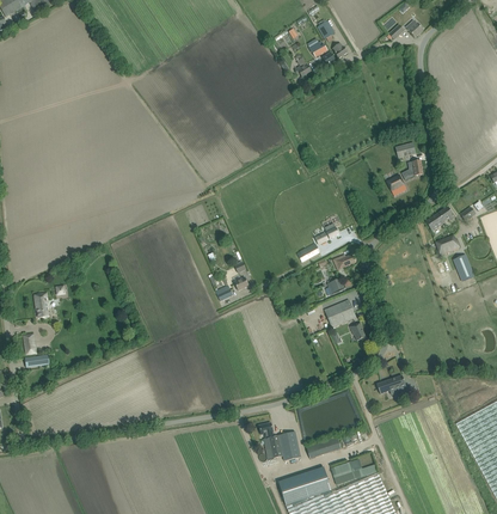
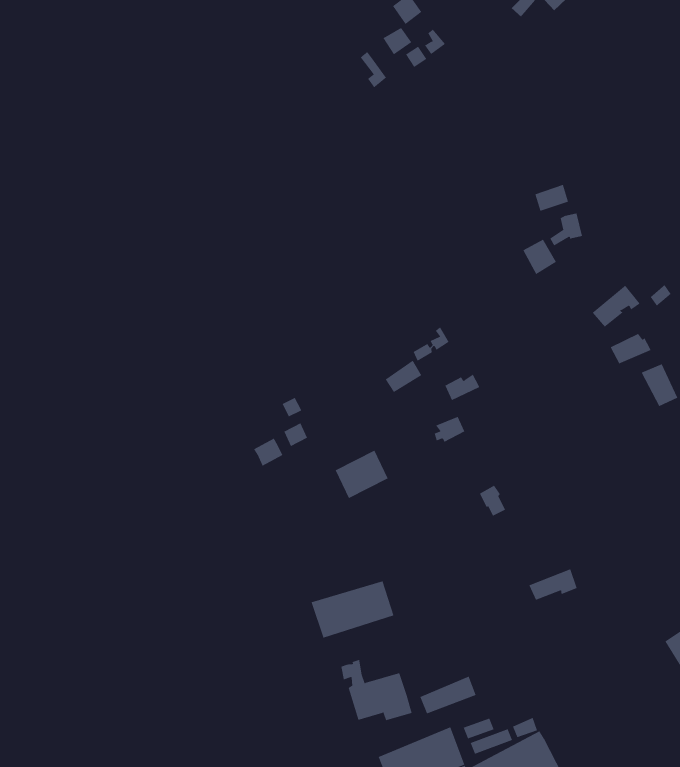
building: [324,298,356,326] -> [335,450,389,499]
building: none -> [311,580,394,639]

